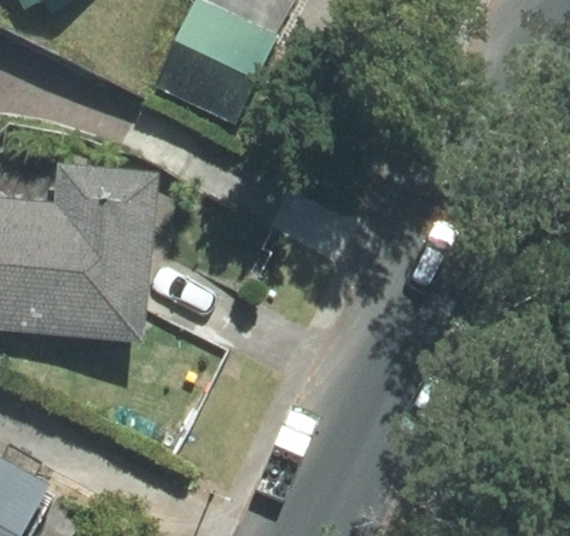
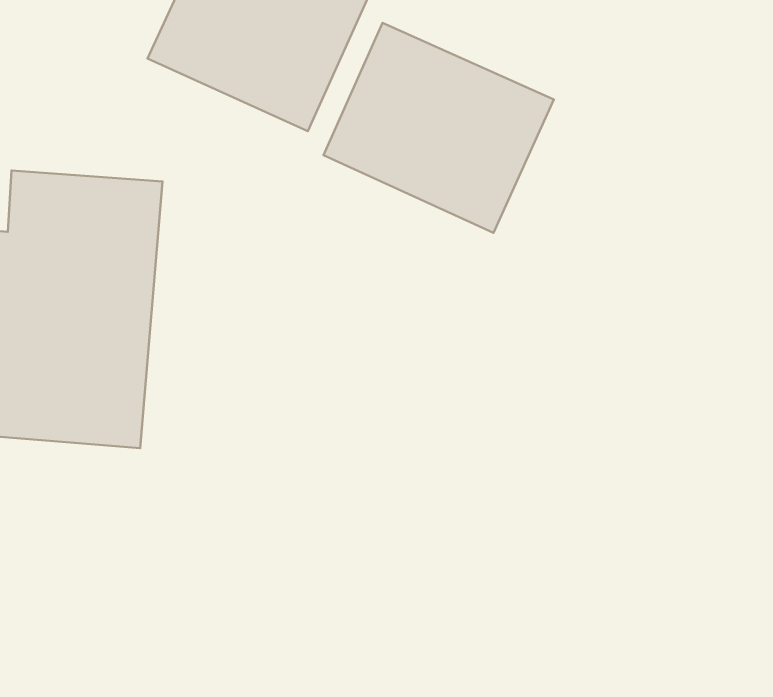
building: none -> [324,23,554,233]

